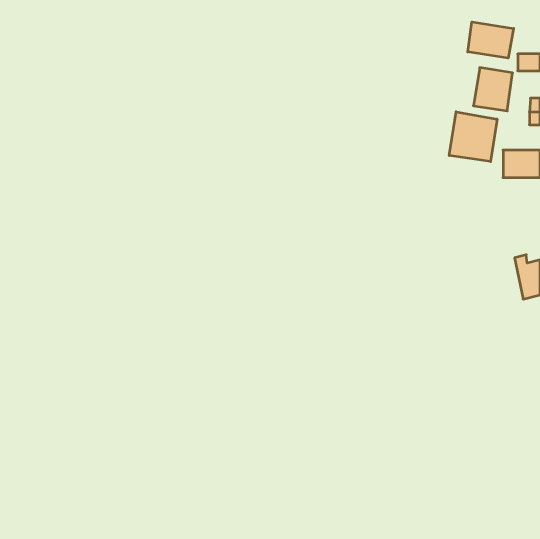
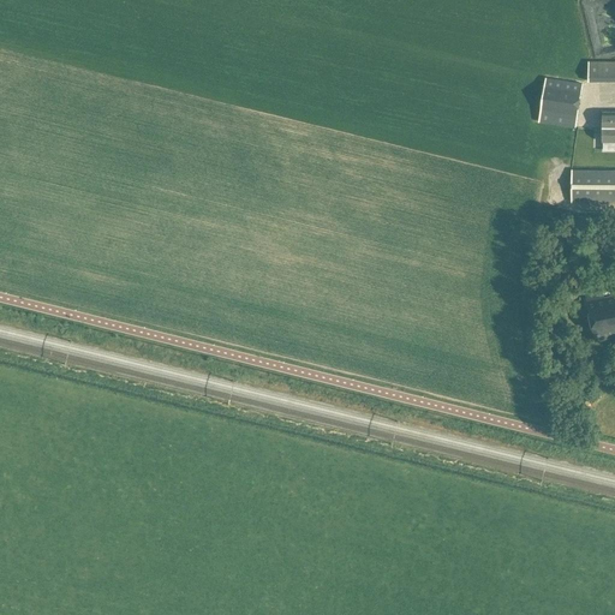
building: [468,22,514,58] -> none
building: [449,112,497,162] -> none

